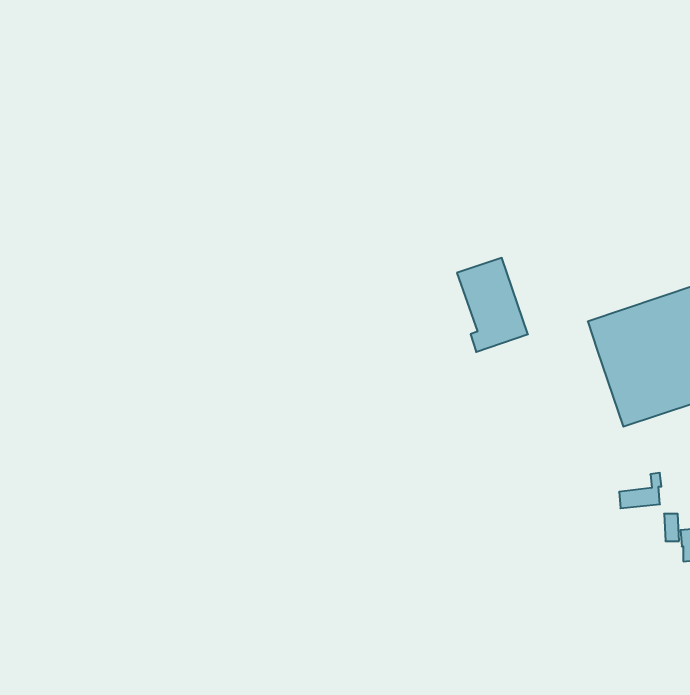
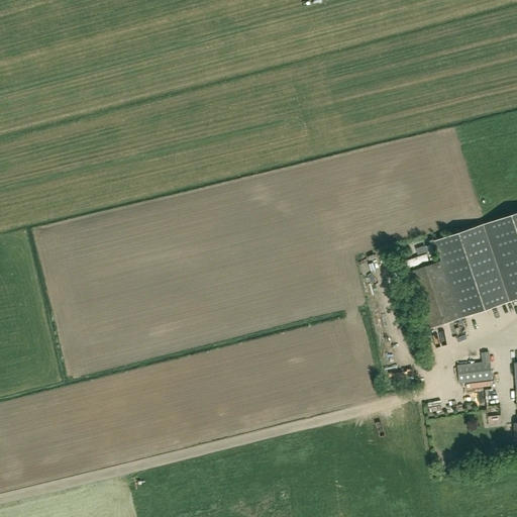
building: [457,258,528,352] -> [414,260,467,329]

